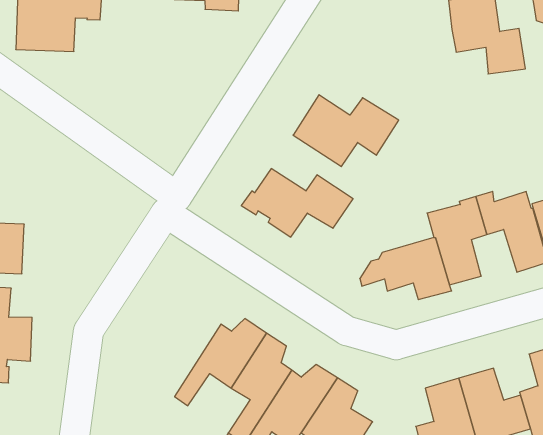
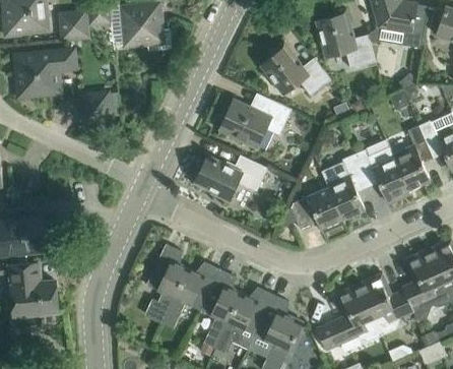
building: none -> [260,42,330,97]
building: none -> [80,93,110,122]
building: none -> [146,243,187,322]

